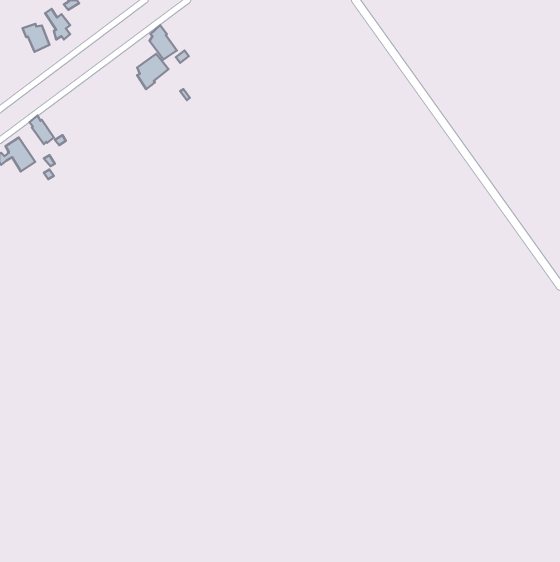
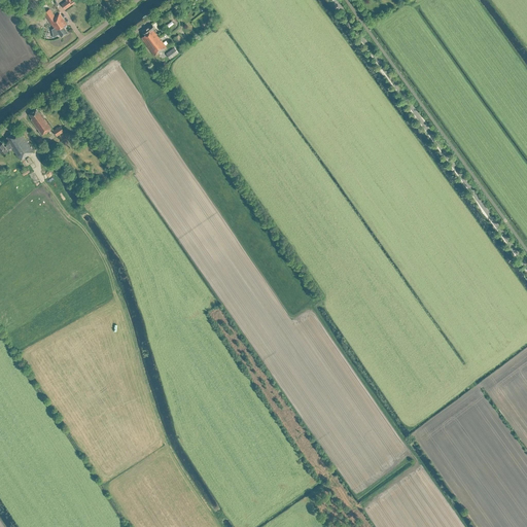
building: [22,24,50,52] -> none
building: [137,54,169,89] -> none

